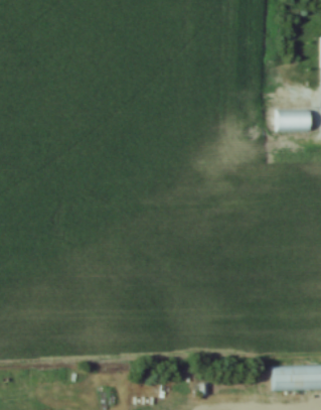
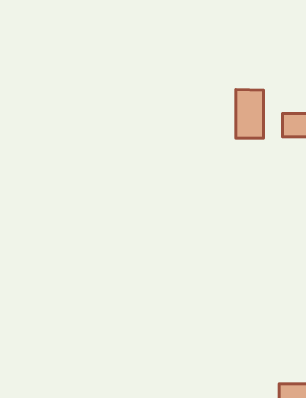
building: none -> [236,89,263,138]

